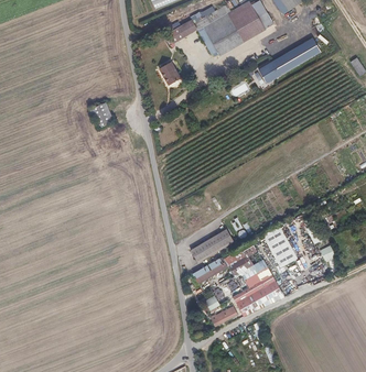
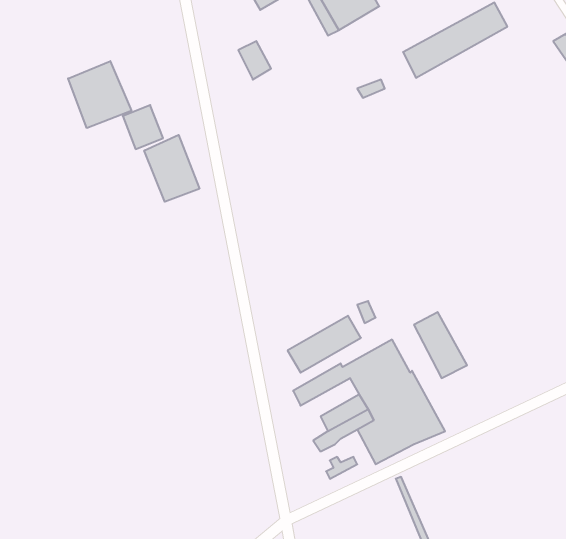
building: none -> [68,61,131,128]
building: none -> [144,135,199,202]

